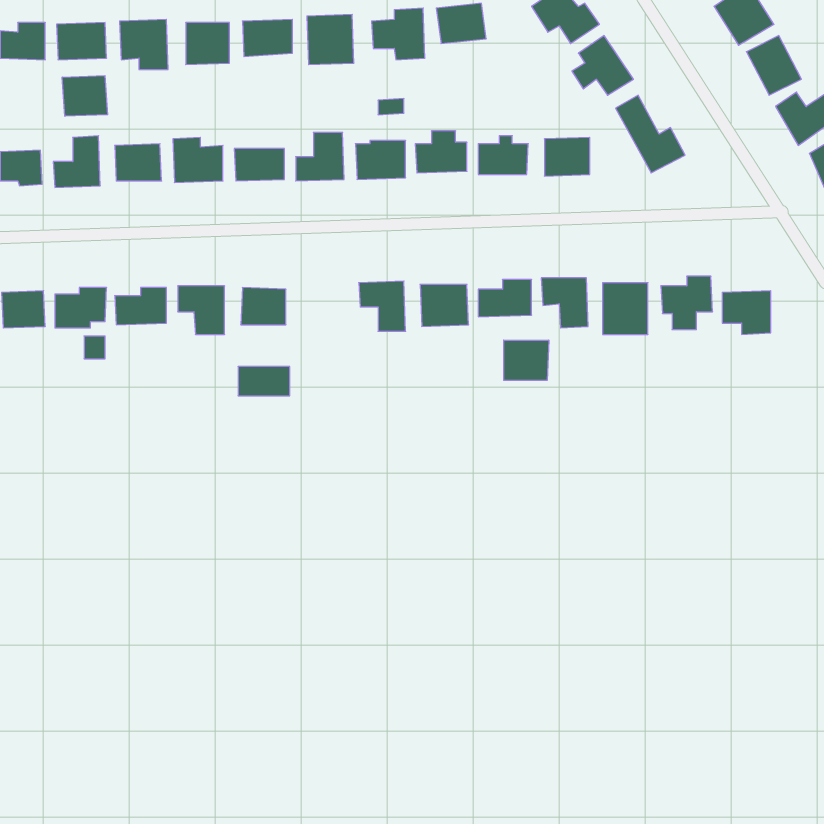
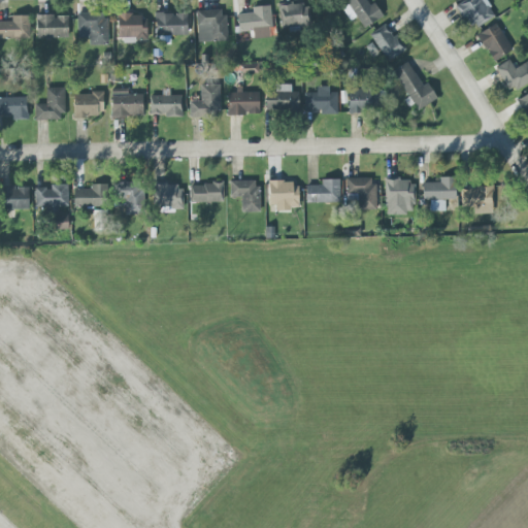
building: [62,76,108,116] -> none
building: [504,340,549,380] -> none
building: [238,367,290,396] -> [191,184,224,202]

